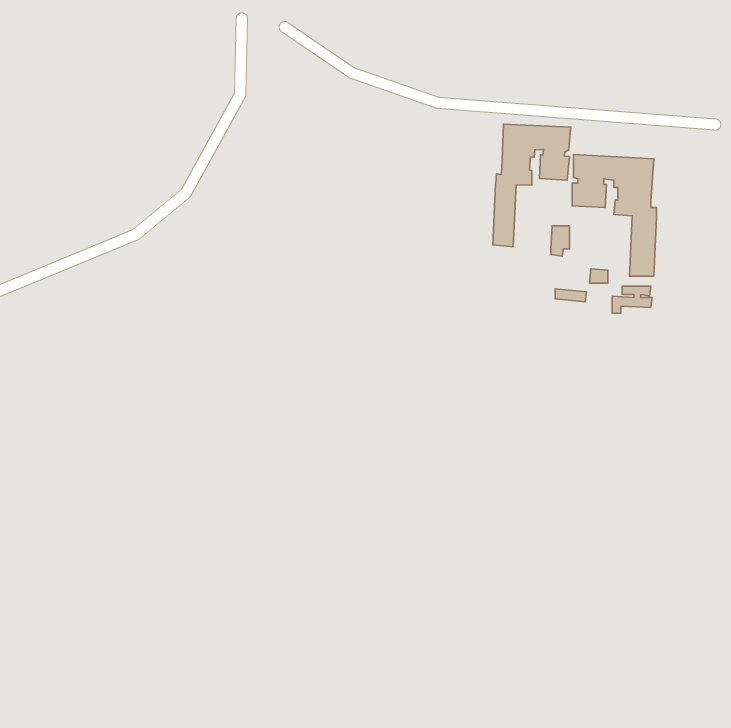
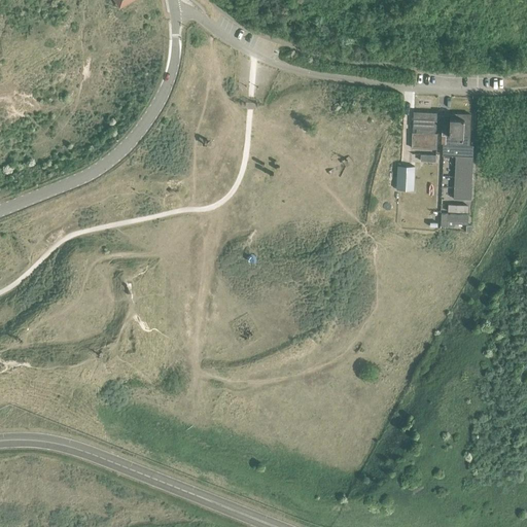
building: [493,124,571,247] -> none

